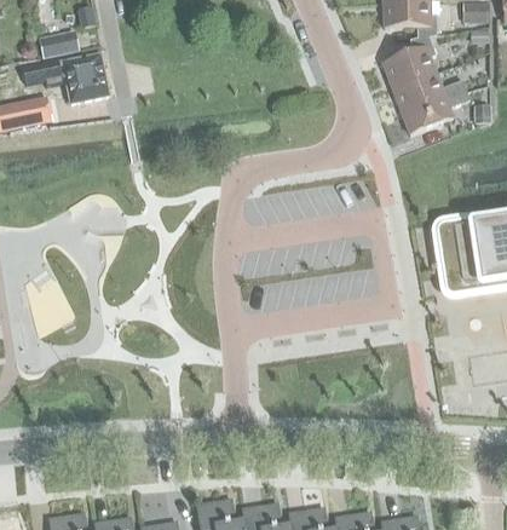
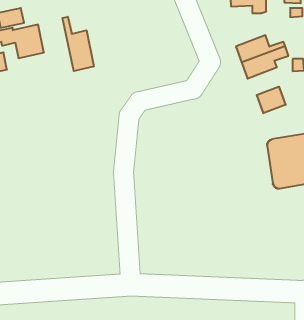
building: [381,35,436,85] -> none
building: none -> [62,17,94,71]
building: none -> [257,87,286,113]

